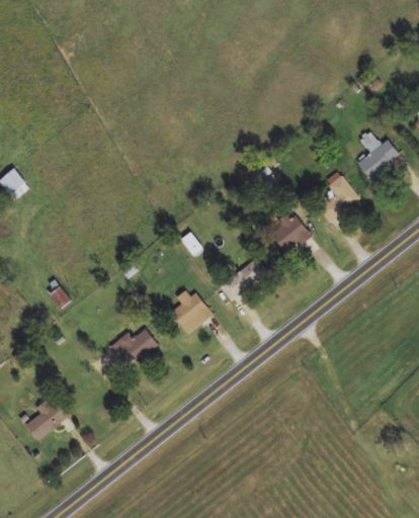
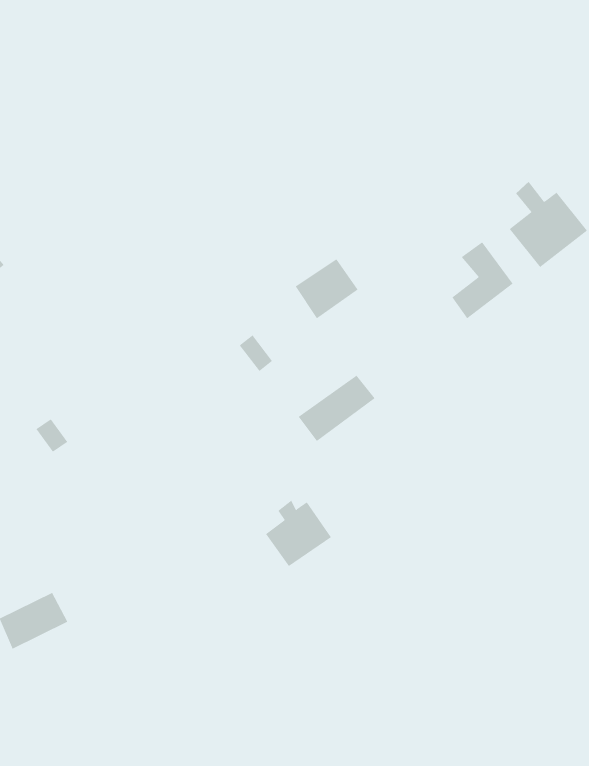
building: [268,215,310,255] -> [295,258,358,319]
building: [169,289,213,333] -> [265,500,332,567]
building: [109,327,157,366] -> none

